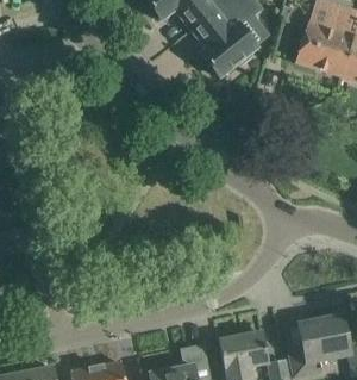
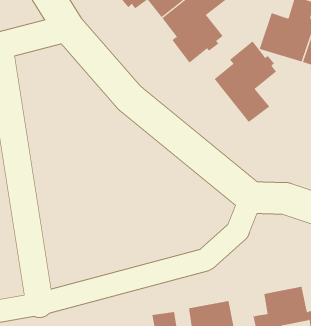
building: none -> [214,41,277,123]

